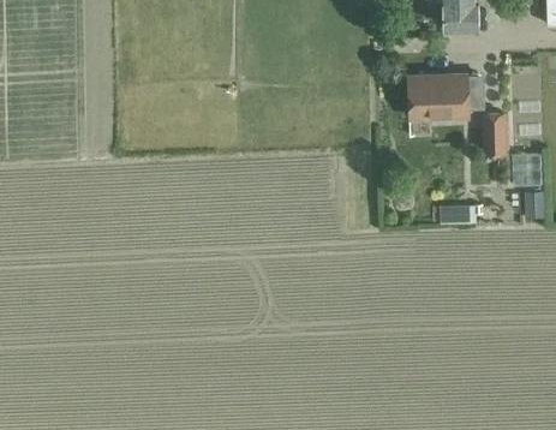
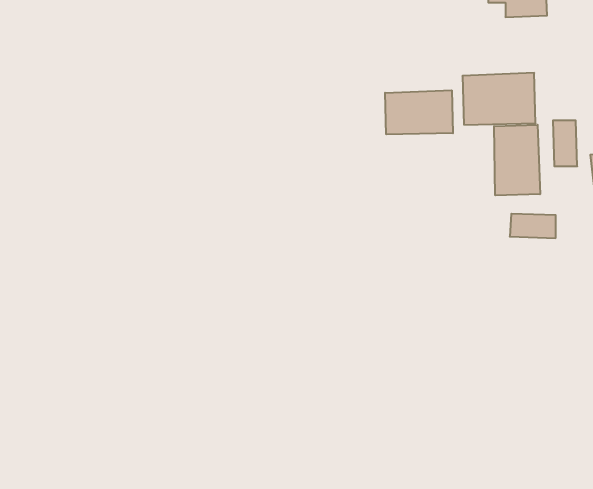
building: none -> [385,90,453,134]
building: none -> [494,125,540,195]

